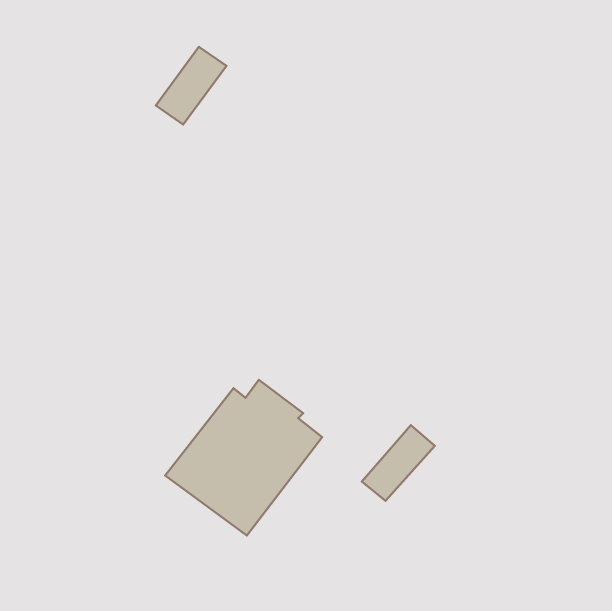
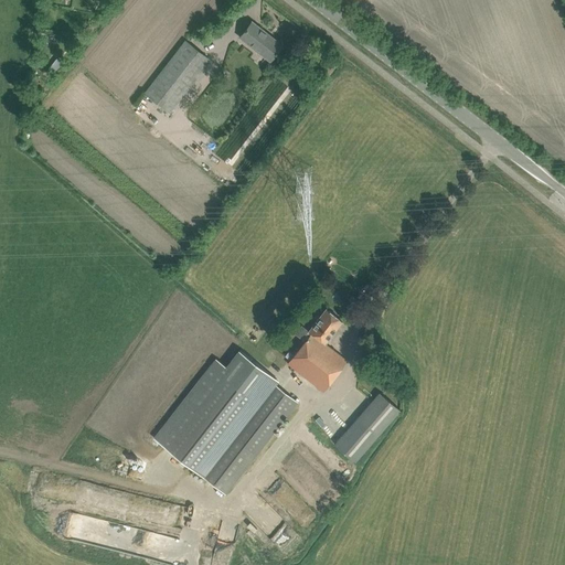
building: none -> [239,23,282,62]
building: none -> [287,309,347,393]

